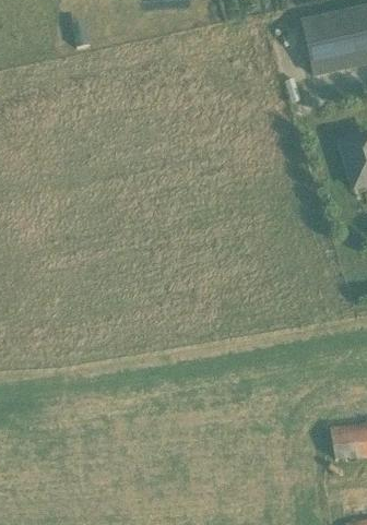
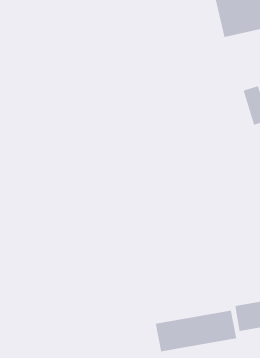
building: none -> [155,310,237,352]

